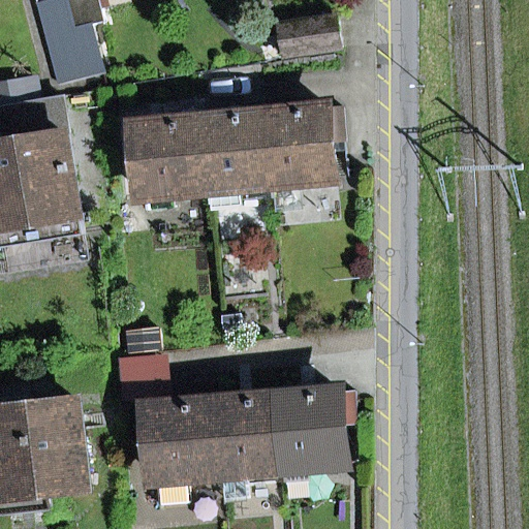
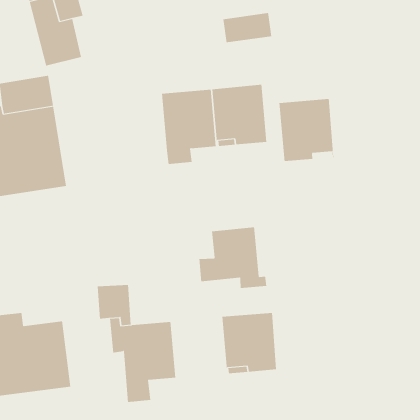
building: [137,117,208,192] -> none
building: none -> [279,98,334,162]
building: none -> [199,227,267,289]
building: [214,396,283,498] -> none

